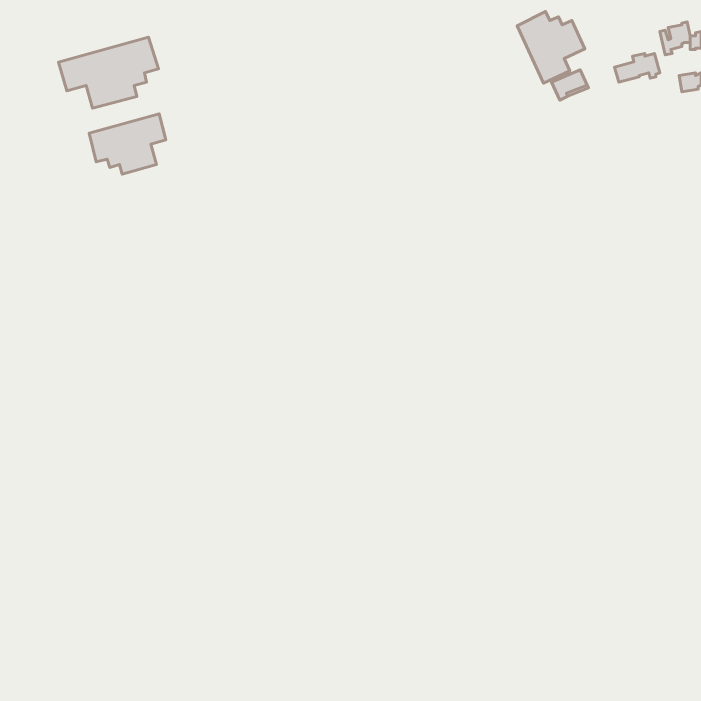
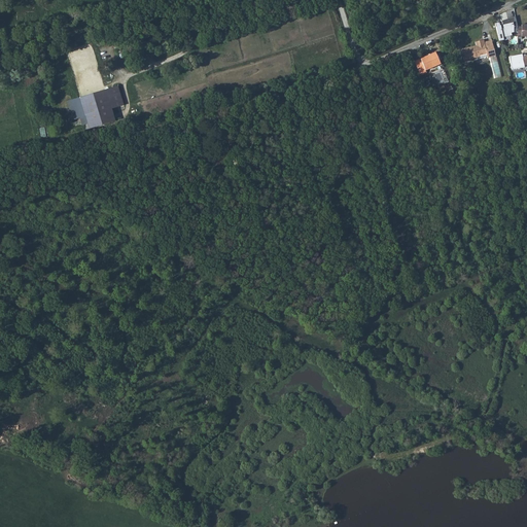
building: [517,12,585,83] -> none
building: [58,37,158,108] -> none

